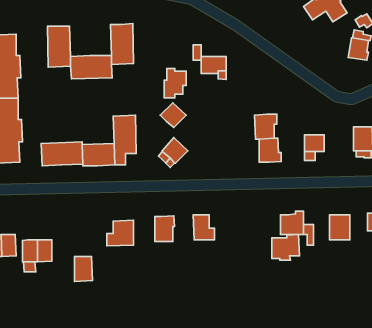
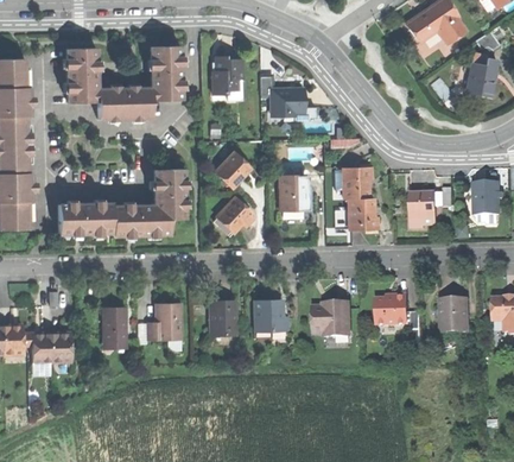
building: [164,69,186,98] -> [212,53,242,93]
building: none -> [279,173,305,209]
building: [272,234,299,260] -> [315,303,351,337]
building: [75,257,92,282] -> [102,309,126,342]

